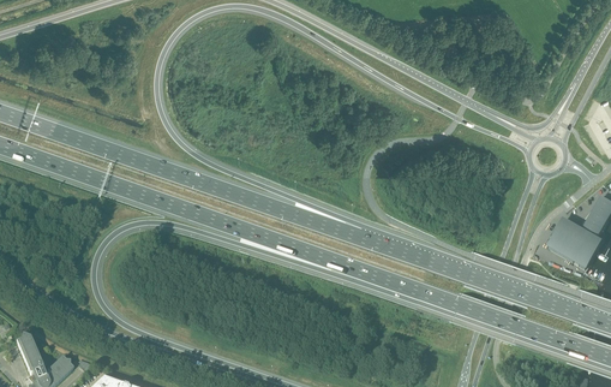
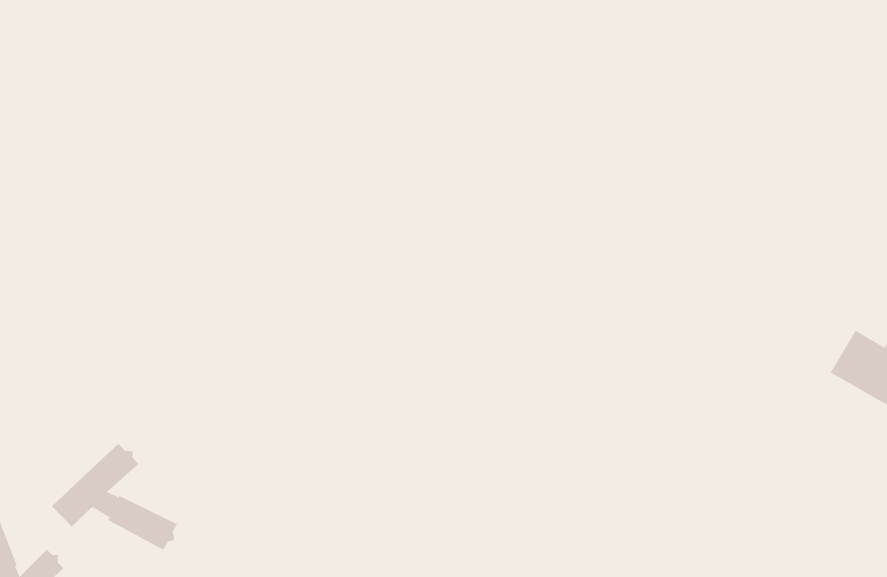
building: none -> [51,443,178,551]

